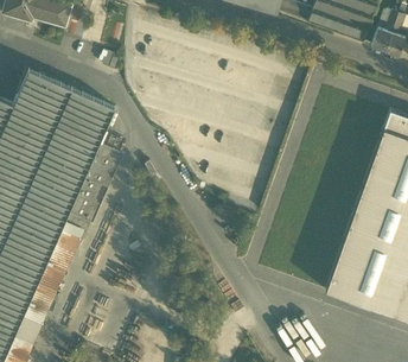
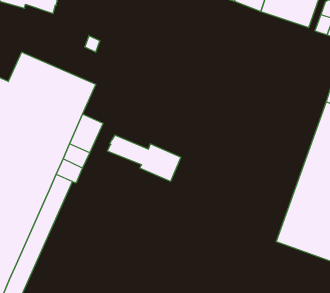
building: none -> [108,135,181,181]

